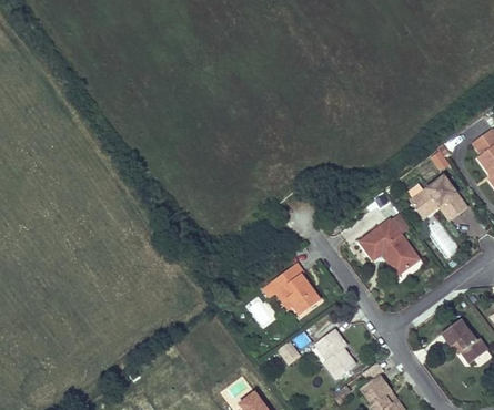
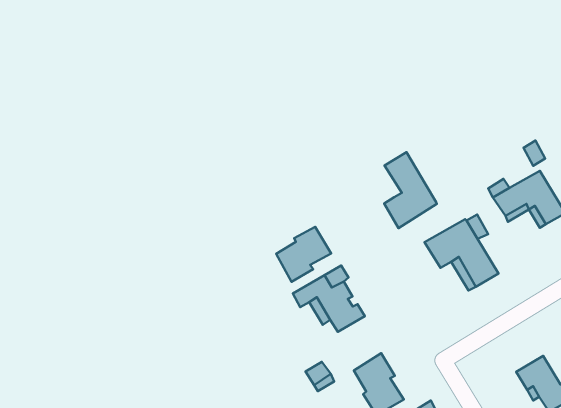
building: none -> [384,152,437,228]
building: none -> [276,227,331,282]

